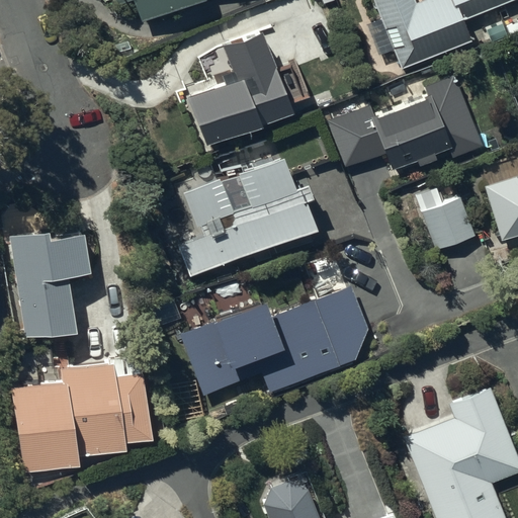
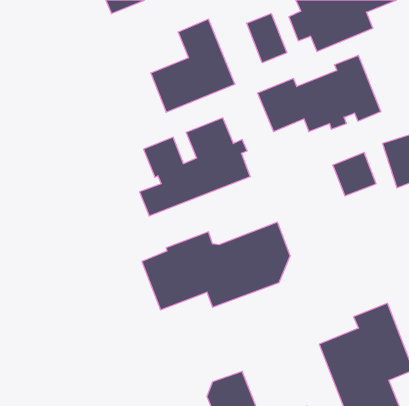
building: none -> [247,14,287,63]
building: [9,230,90,339] -> none
building: [12,351,152,474] -> none

